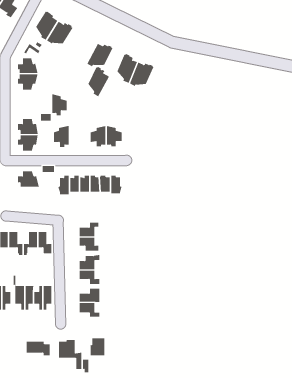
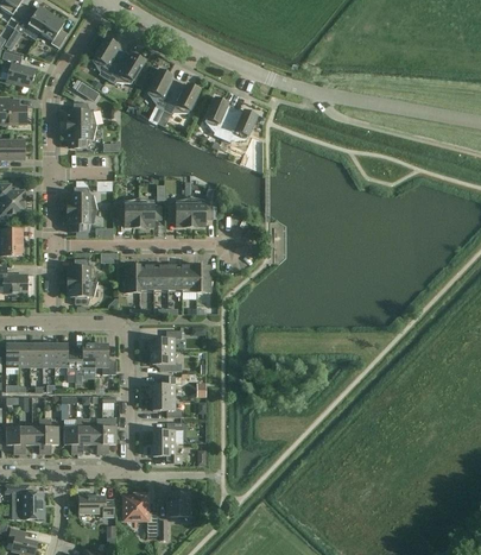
building: [88,66,110,97] -> [147,68,178,111]
building: [51,94,68,116] -> [139,196,162,227]
building: none -> [67,282,97,304]

